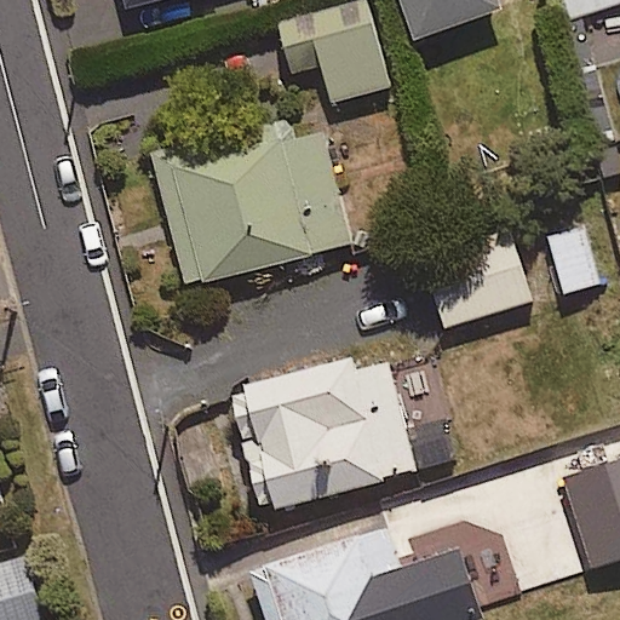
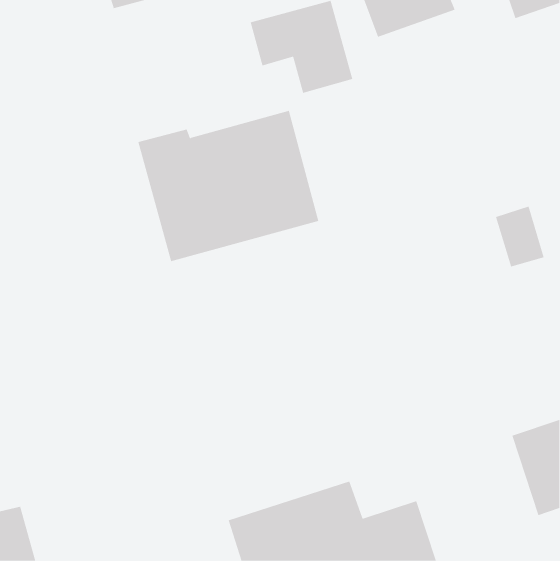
building: [423,230,530,328] -> none
building: [230,358,453,513] -> none

